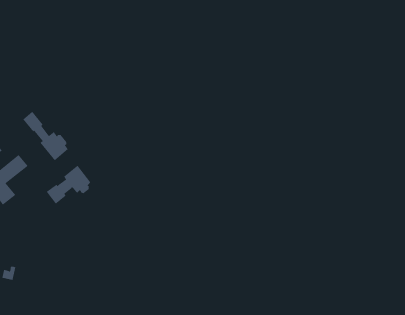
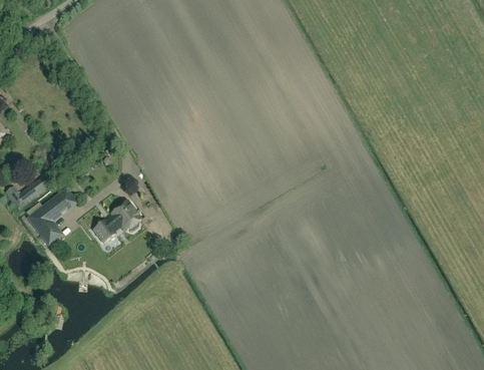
building: [22,111,69,161] -> none

